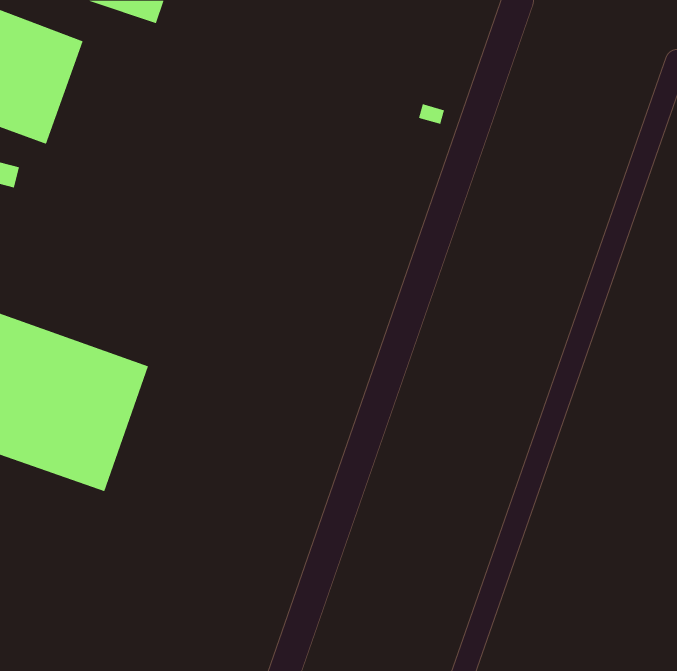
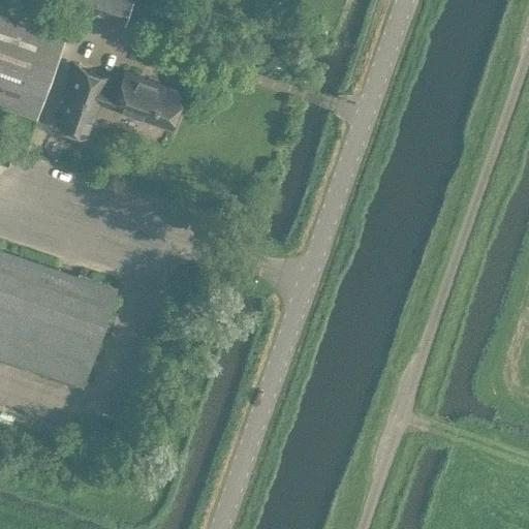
building: none -> [55,65,186,141]

